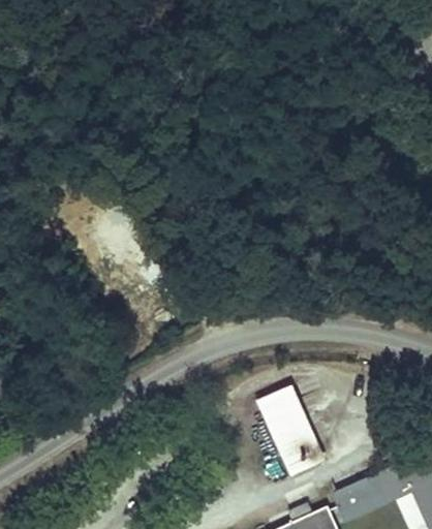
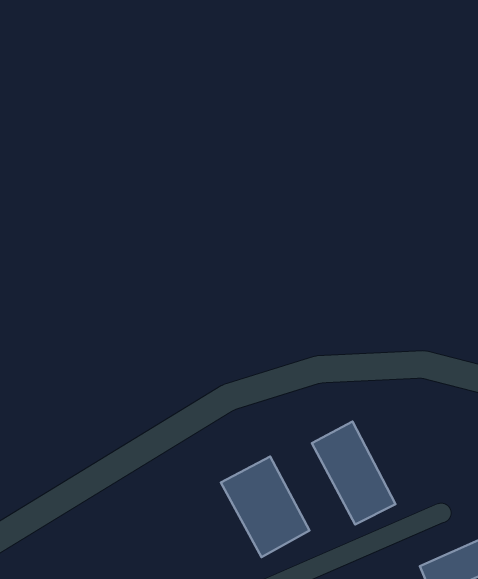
building: none -> [221,456,309,557]

